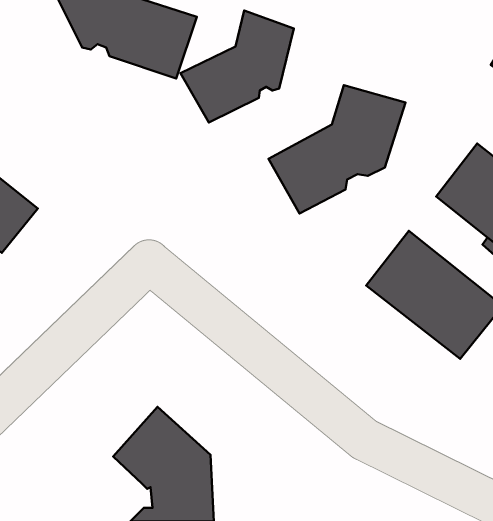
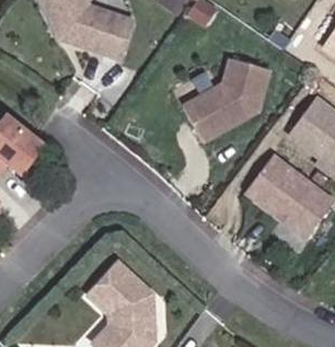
building: [180,11,294,122] -> none

